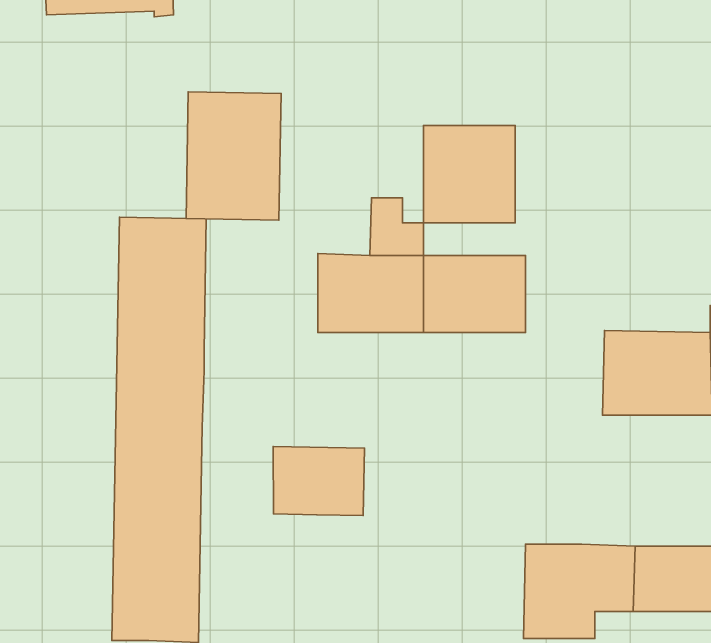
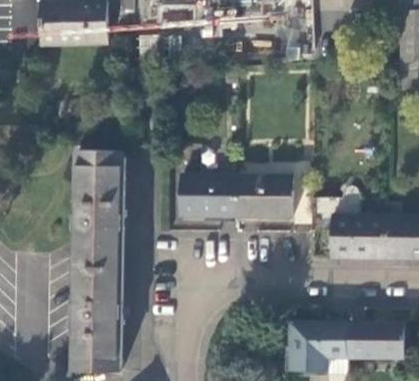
building: [186,92,281,220] -> none
building: [424,126,515,223] -> none
building: [273,446,364,516] -> none

